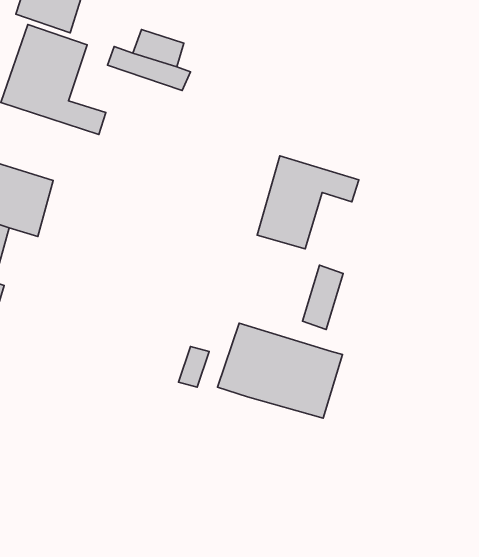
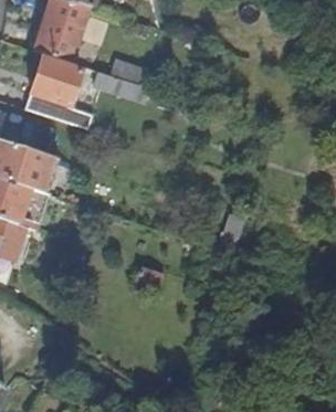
building: [257,156,359,249] -> none
building: [217,323,342,418] -> none

